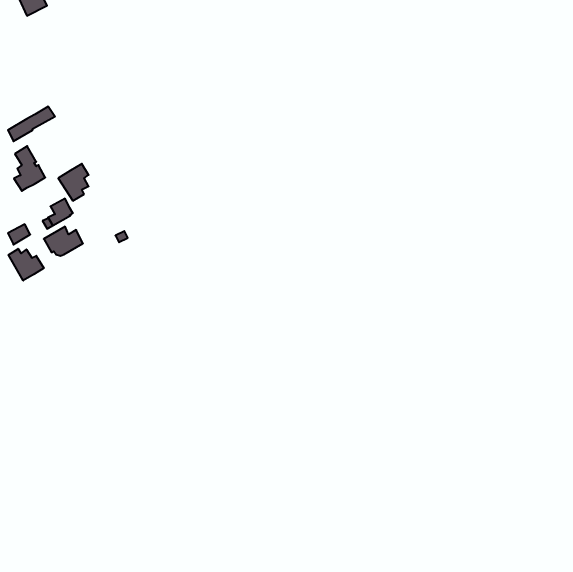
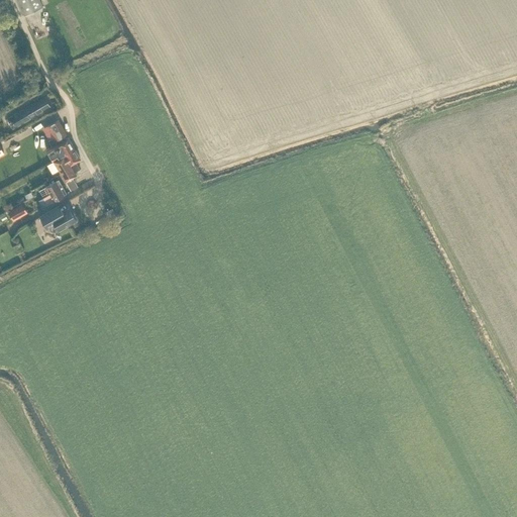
building: [14,146,45,191] -> [45,119,74,160]
building: [9,249,44,281] -> none

